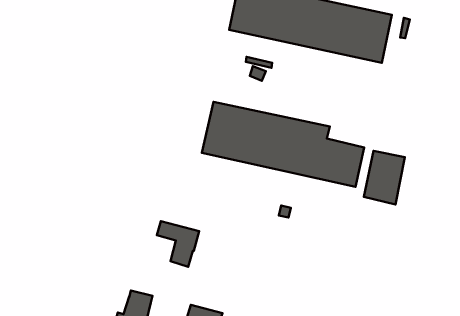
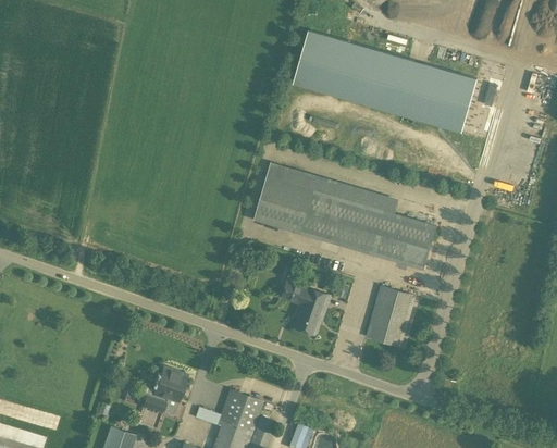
building: [364,151,405,204] -> [366,286,414,348]
building: [157,221,199,267] -> [281,282,329,335]

